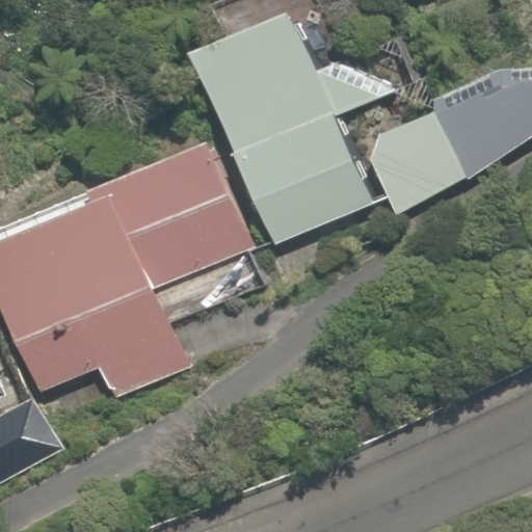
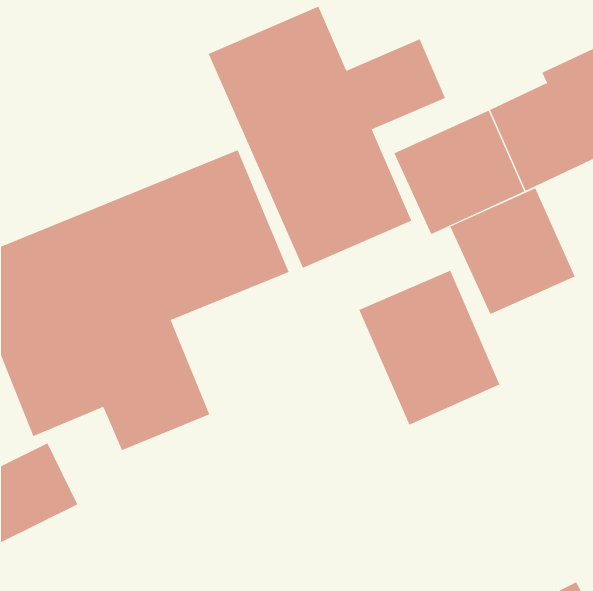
building: none -> [450,187,575,315]
building: none -> [359,270,500,425]

